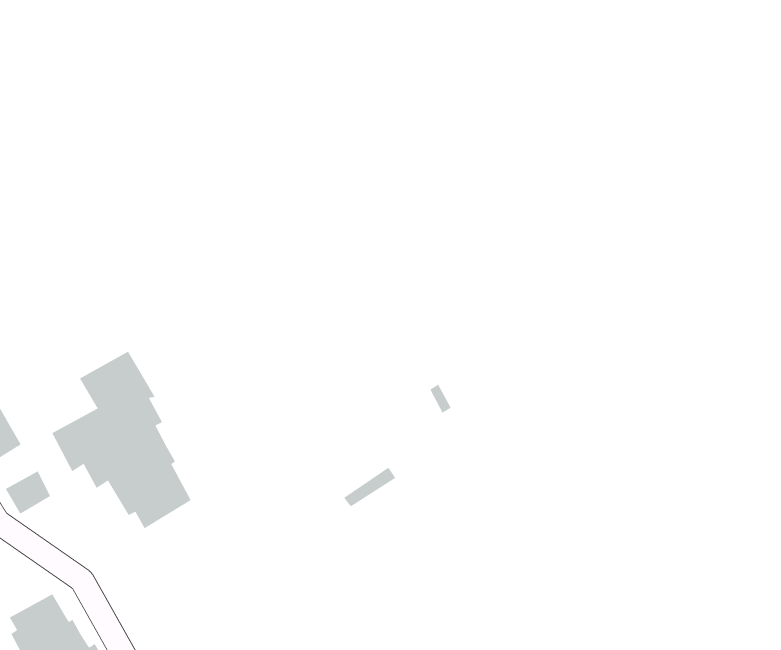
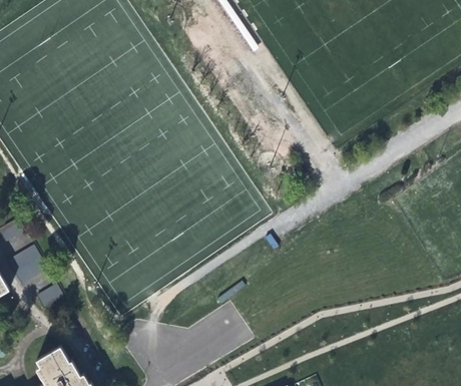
building: [52,351,192,529] -> none

